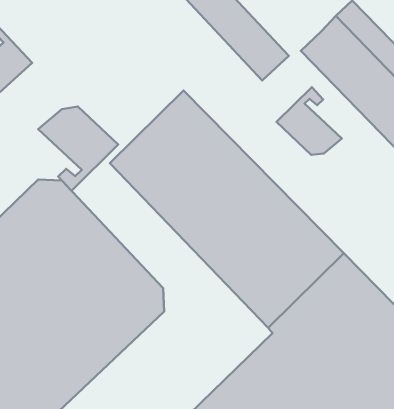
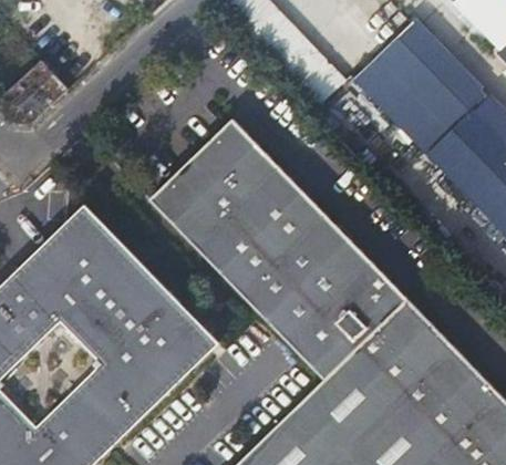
building: [277,87,342,155] -> none
building: [38,106,118,191] -> none

